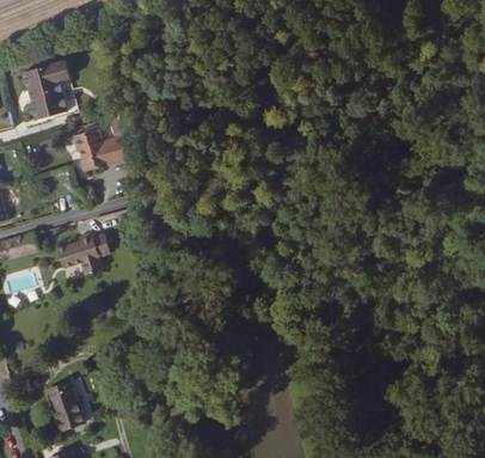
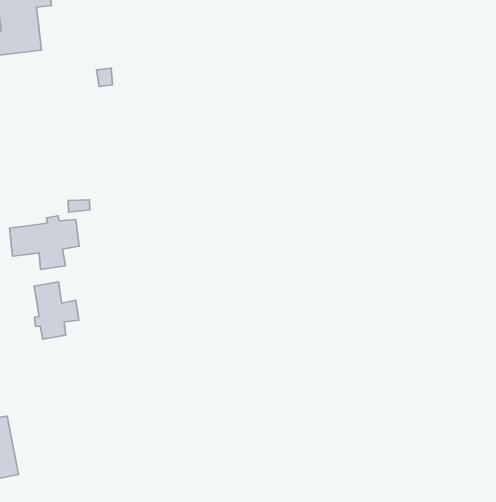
building: [75,126,128,166] -> none
building: none -> [34,282,79,339]

